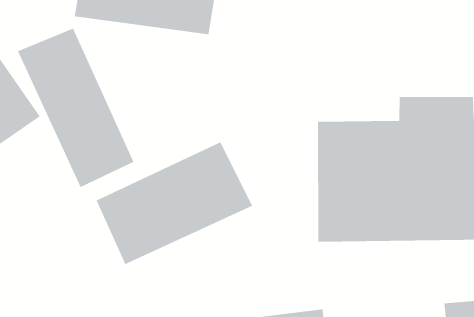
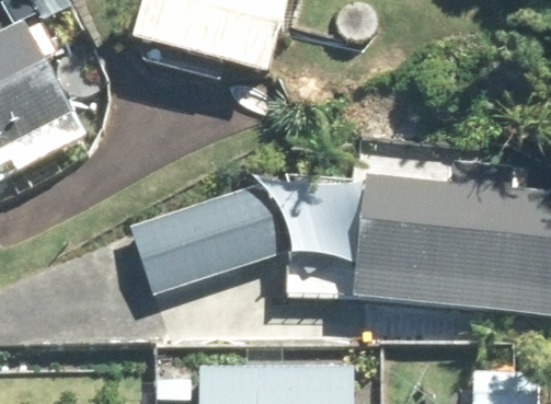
building: [17,28,134,188] -> none

